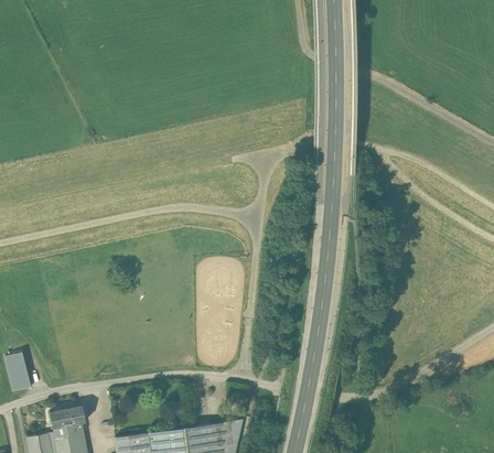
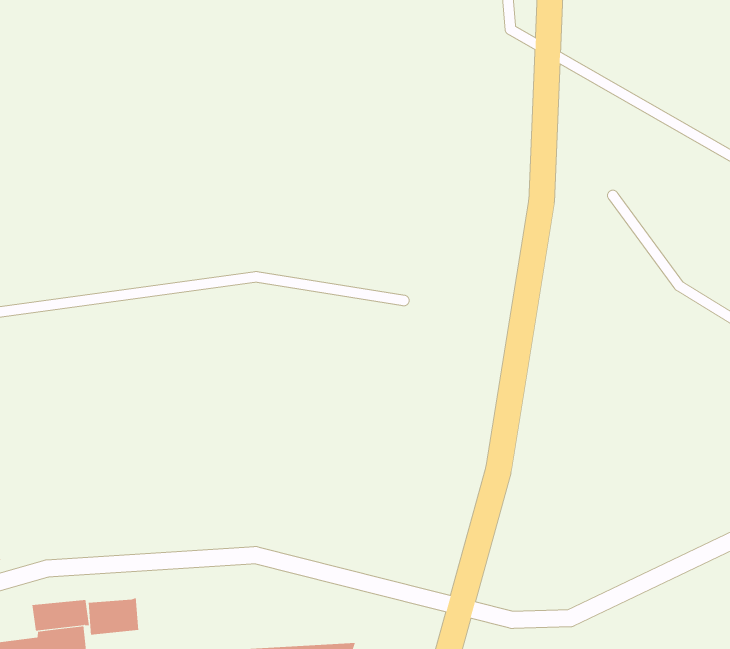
building: none -> [88,597,139,635]

